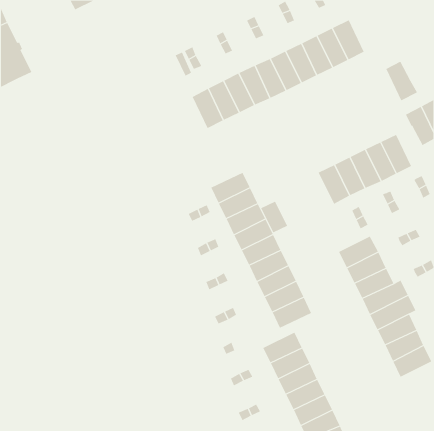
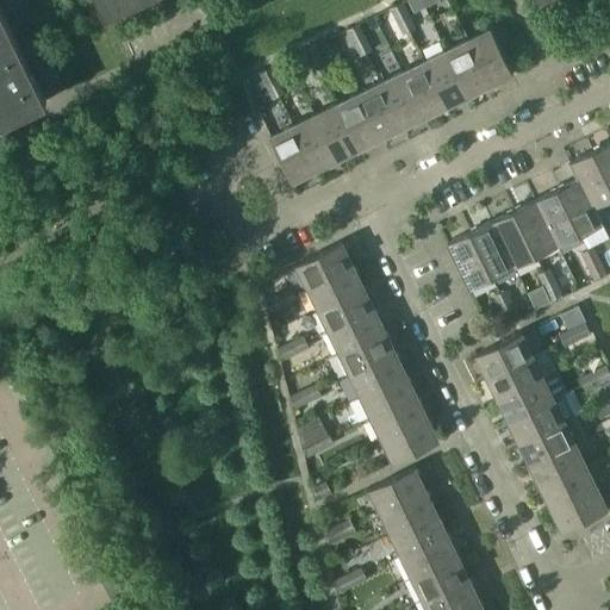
building: [386,61,418,101] -> [556,181,602,237]
building: [260,201,288,233] -> none

